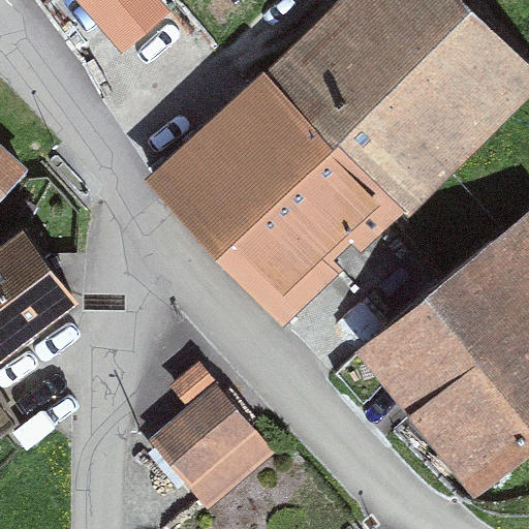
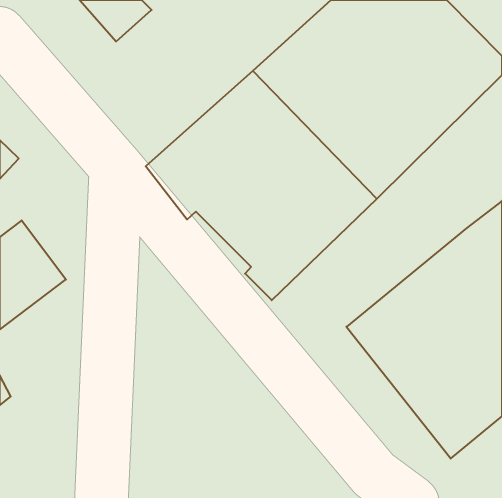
building: [159,396,247,481] -> none

